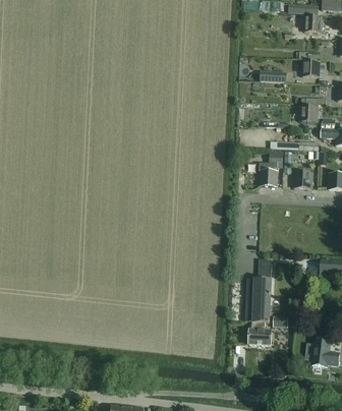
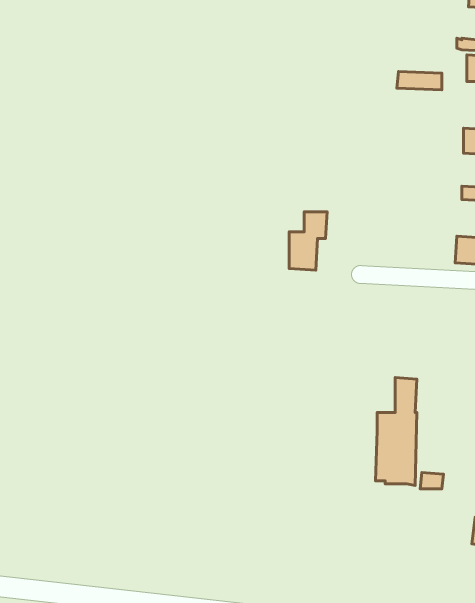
building: [261,150,284,185] -> [289,212,327,270]
building: [248,322,272,345] -> none

